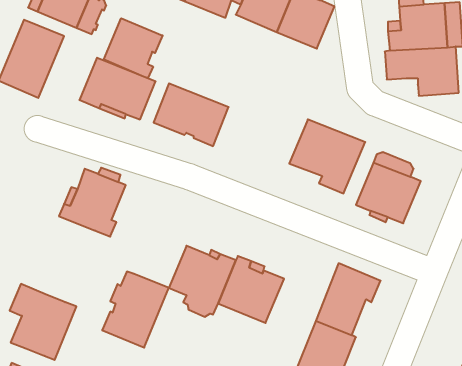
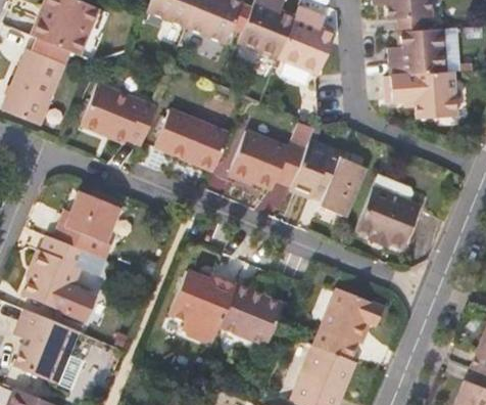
building: [104,18,163,78] -> none
building: none -> [230,125,313,191]
building: [102,272,169,348] -> [30,238,96,314]

